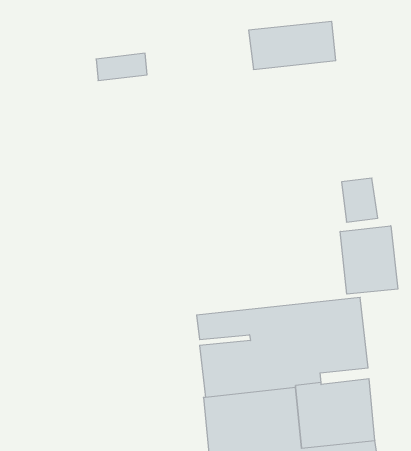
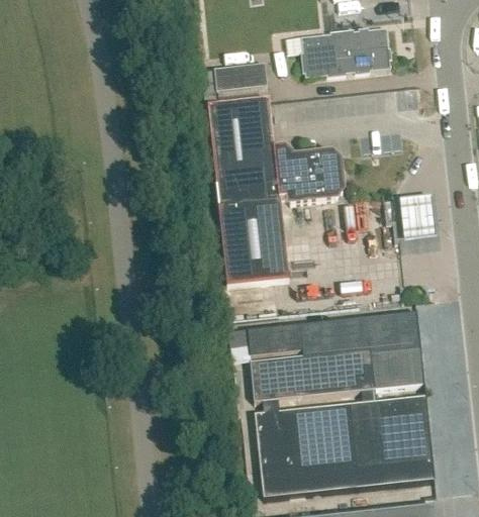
building: [96,53,147,81] -> [215,62,268,90]
building: none -> [208,97,344,283]
building: [340,226,398,294] -> none

